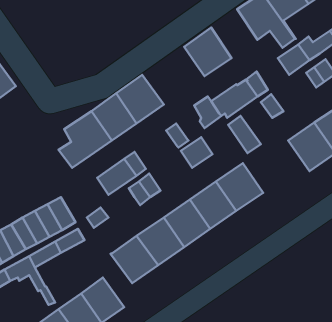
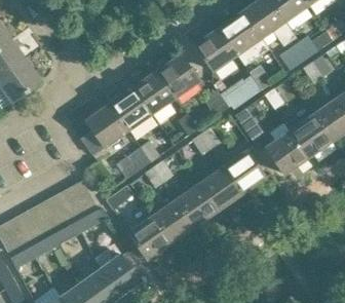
building: none -> [219,10,268,66]
building: none -> [156,53,199,97]
building: none -> [264,129,308,175]

